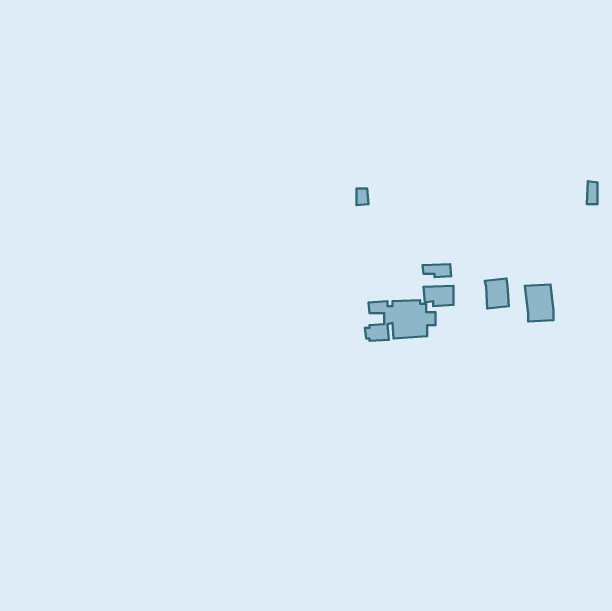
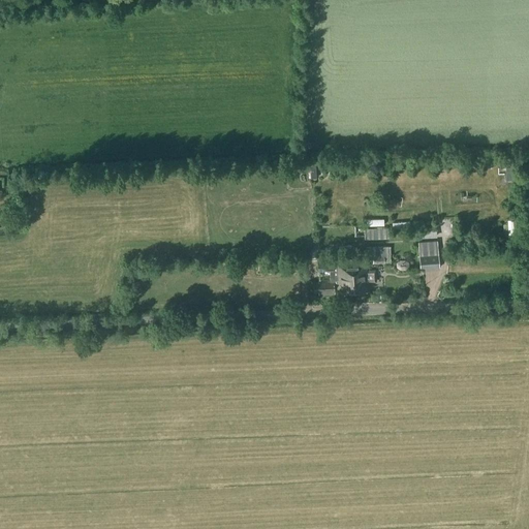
building: [525,284,554,322] -> none

